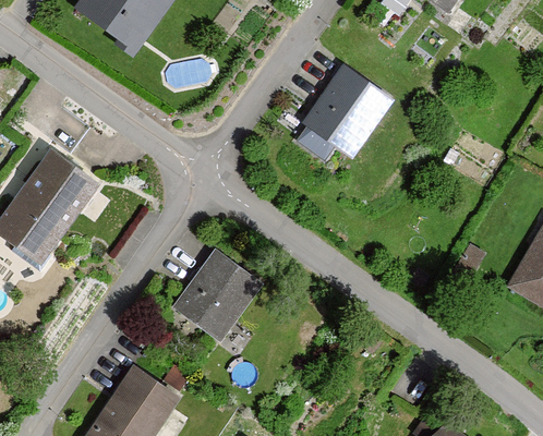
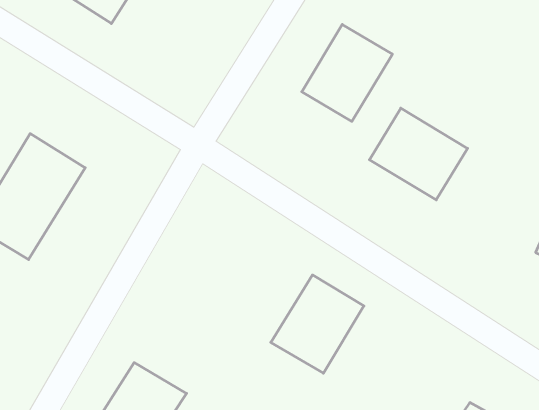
building: none -> [369,108,468,200]
building: [171,250,260,341] -> [271,275,364,373]

